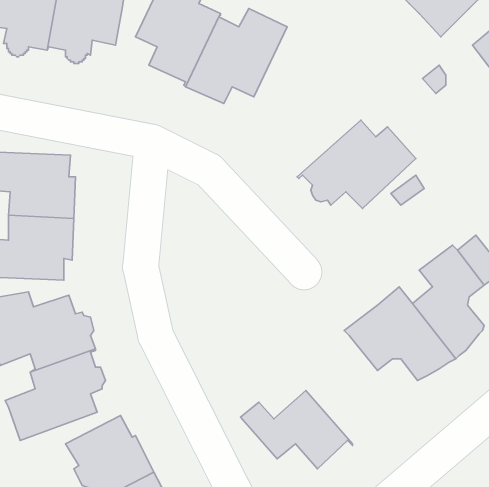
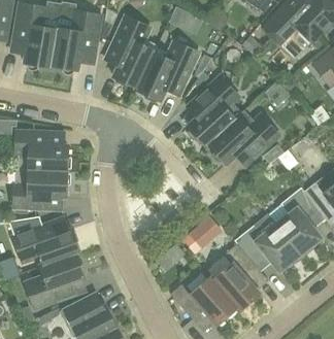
building: none -> [186,76,243,145]
building: none -> [180,214,222,251]
building: none -> [209,243,259,310]

